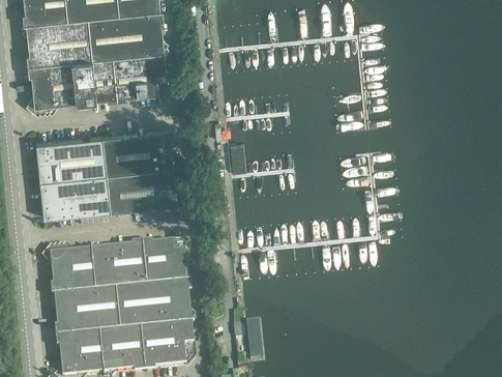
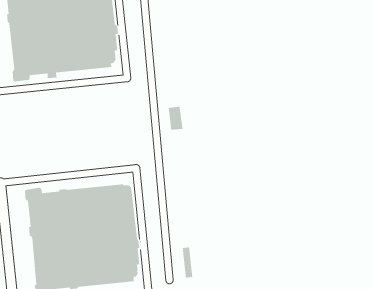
building: [35,131,177,218] -> none

